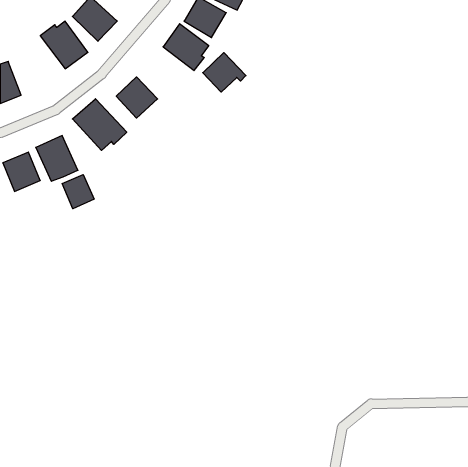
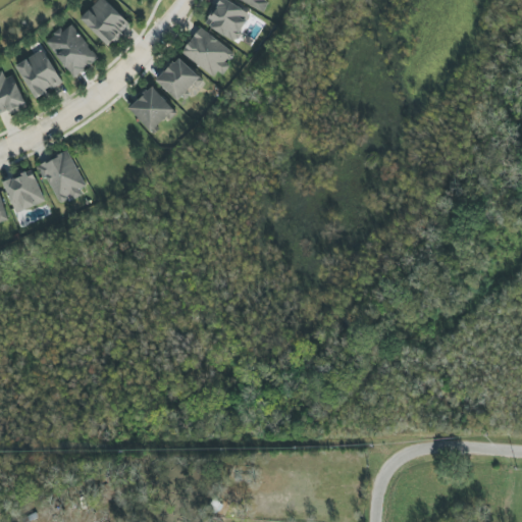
building: none -> [16,49,61,99]
building: [203,53,246,92] -> [156,56,204,100]
building: [72,99,127,150] -> none
building: [62,175,94,209] -> none

